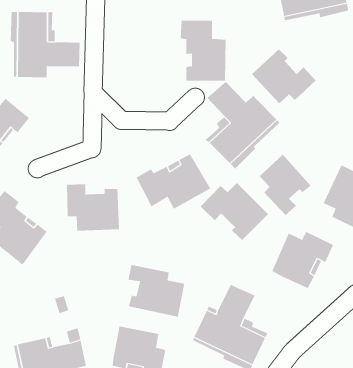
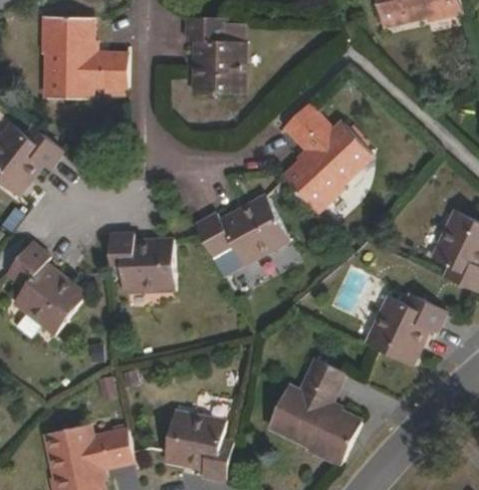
building: [180,20,226,81] -> [186,18,244,94]
building: [251,48,316,104] -> none
building: [259,154,311,216] -> none
building: [200,182,269,241] -> none
building: [128,264,185,318] -> none

